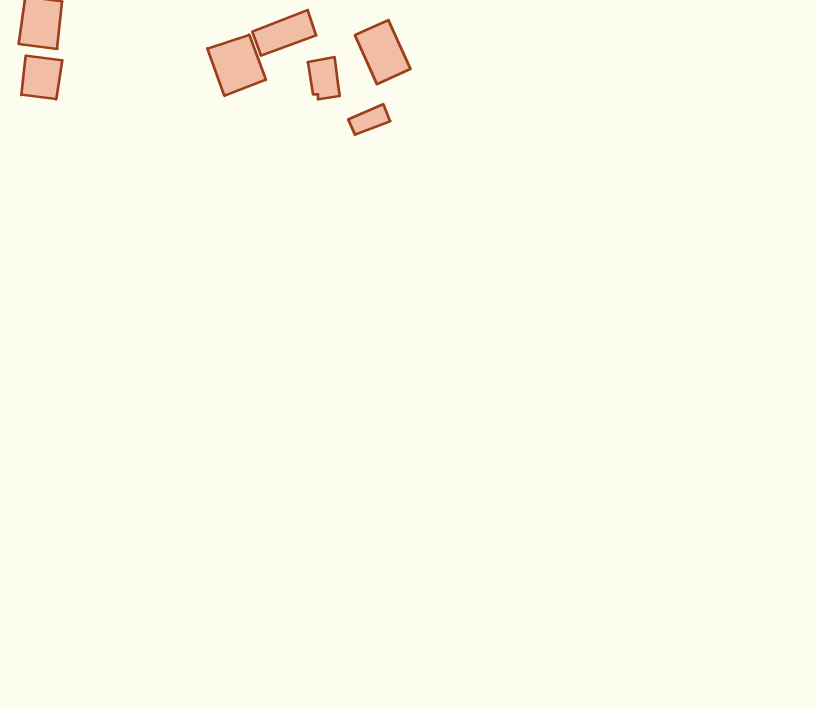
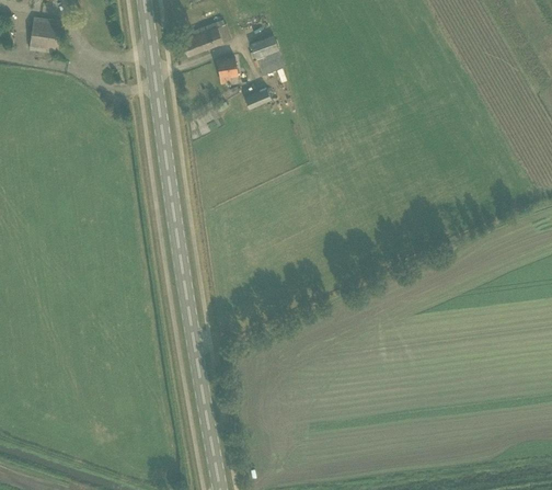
building: [207,35,266,96] -> none
building: [21,56,62,99] -> none

